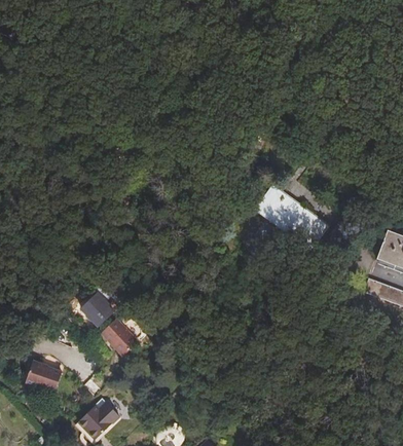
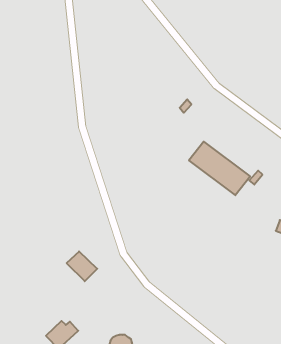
building: [81,290,118,327] -> none
building: [24,361,61,392] -> none

